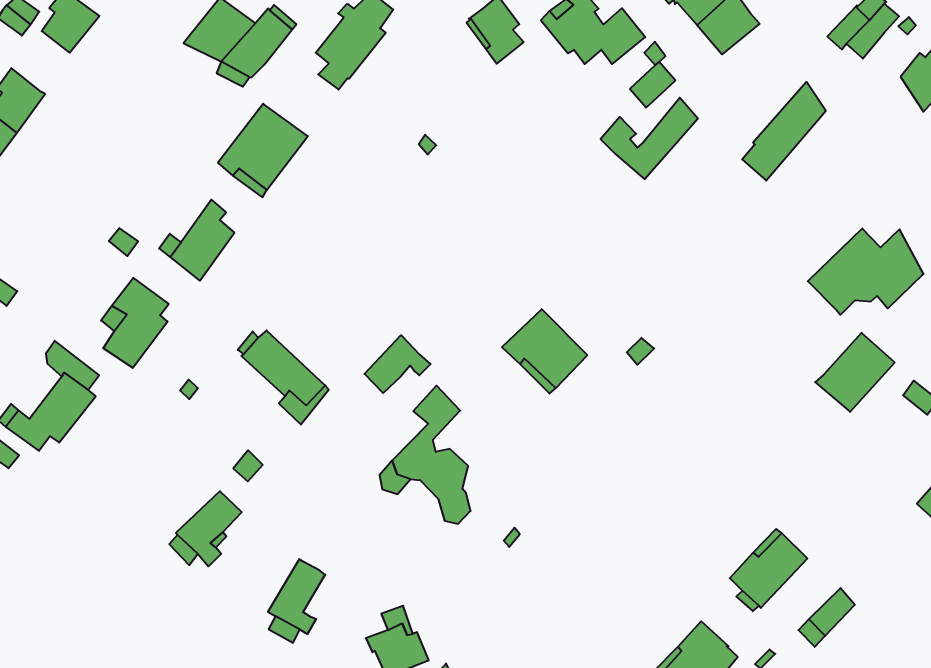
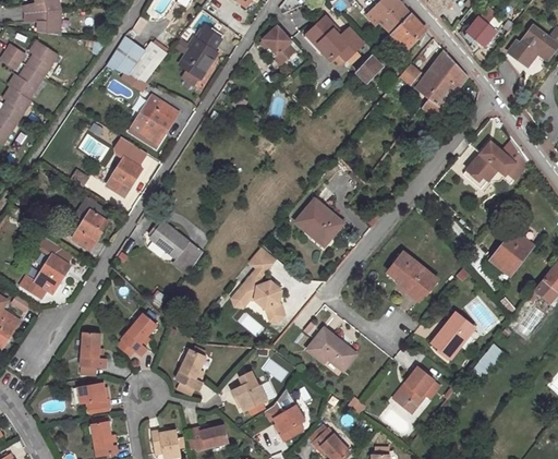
building: none -> [9,64,43,98]
building: [601,98,698,179] -> [401,51,454,98]
building: [815,333,895,412] -> [489,230,533,275]
building: [364,335,431,393] -> none
building: none -> [387,252,437,301]
building: none -> [81,331,106,369]
building: none -> [307,328,356,371]
building: none -> [78,383,109,410]

